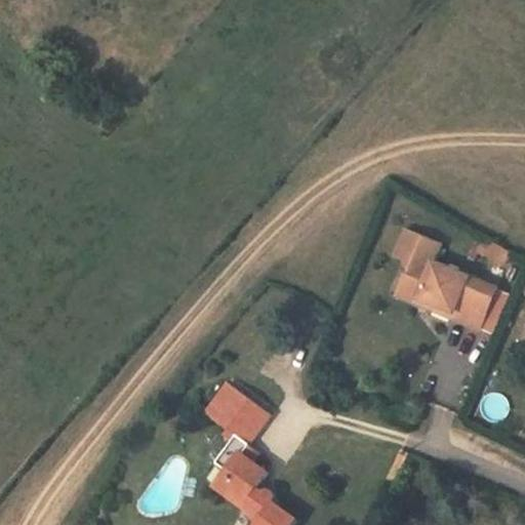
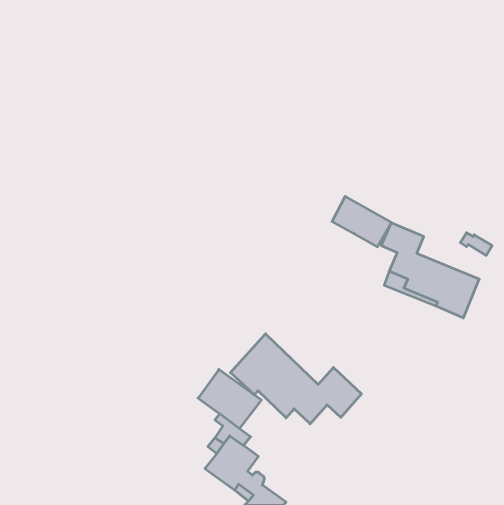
building: none -> [332,196,391,247]
building: none -> [230,334,361,424]

